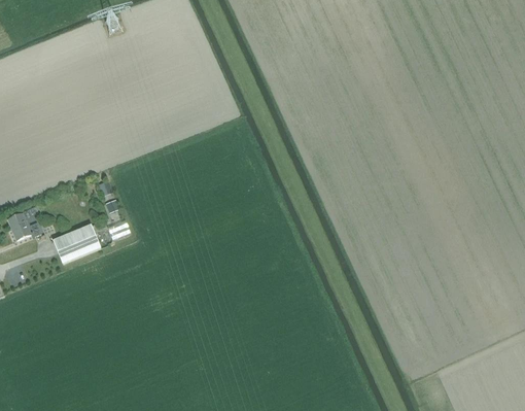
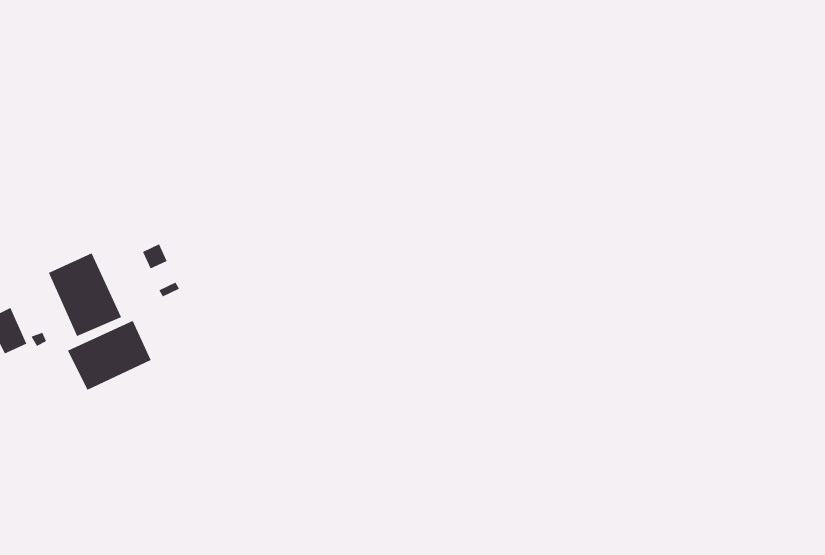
building: none -> [48,252,122,337]

